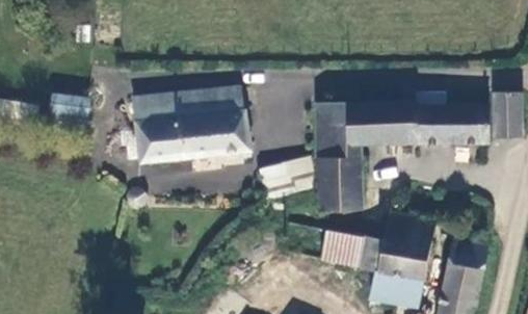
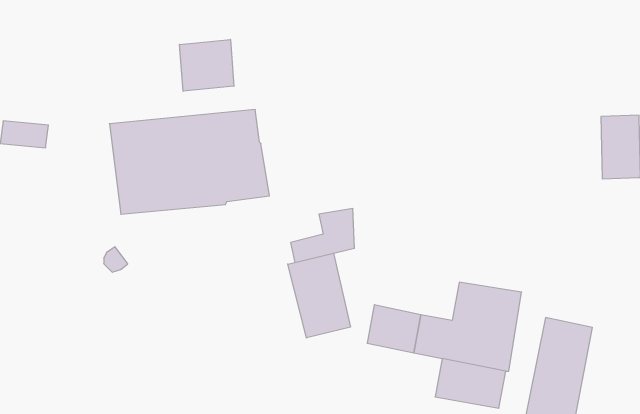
building: none -> [180,39,234,91]
building: [316,93,487,211] -> none
building: none -> [288,253,350,338]

